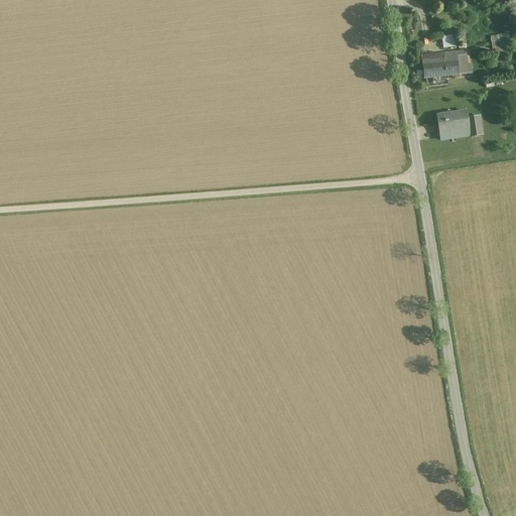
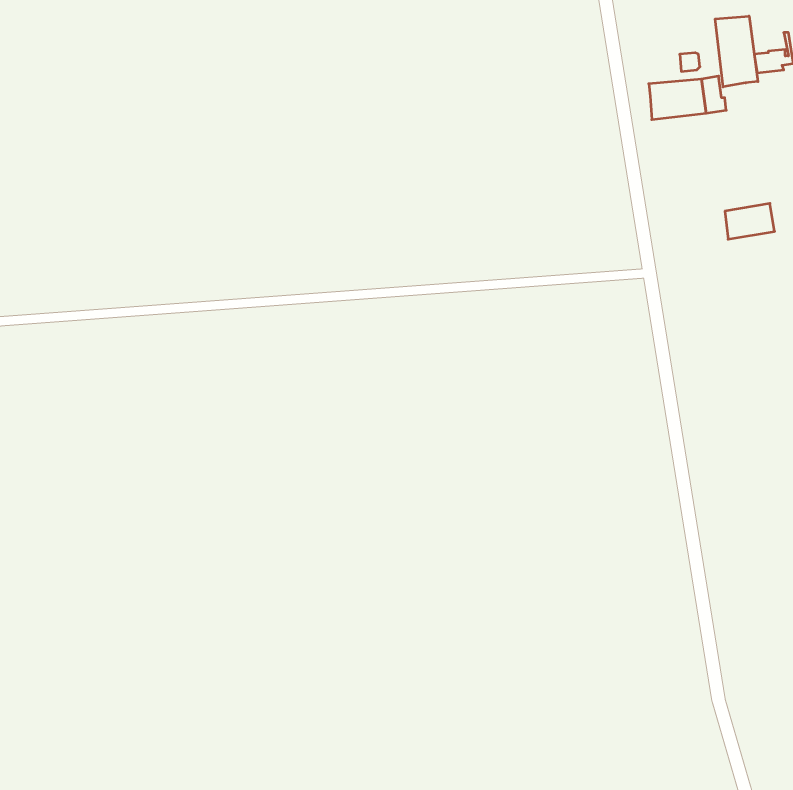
building: none -> [715,16,758,87]
building: [437,109,470,132] -> [725,203,775,239]

